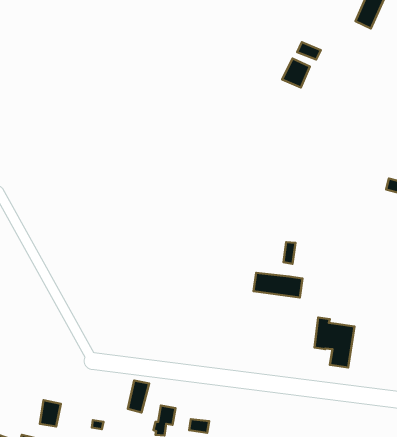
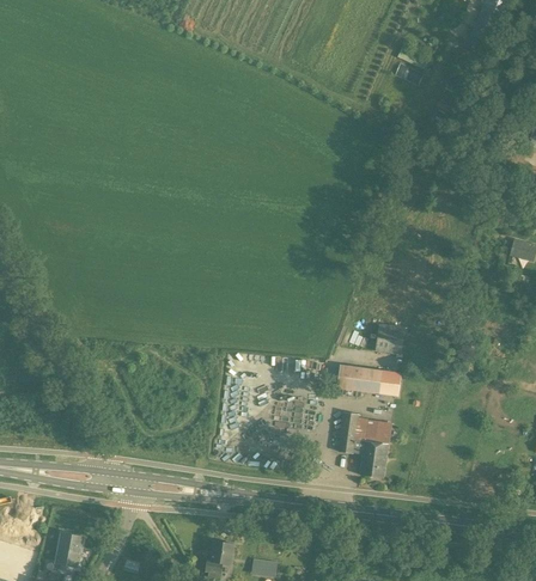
building: [282,59,310,87] -> none
building: [314,317,354,367] -> [340,411,392,477]
building: [128,380,149,413] -> none

